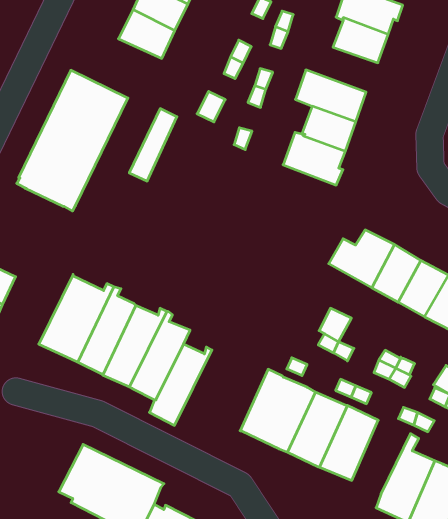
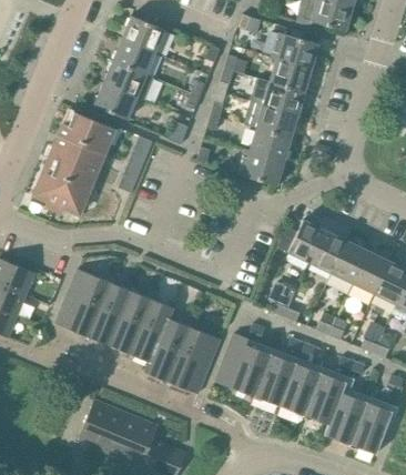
building: none -> [94,84,138,120]
building: none -> [250,77,305,114]
building: none -> [164,321,220,395]
building: none -> [304,367,347,424]

